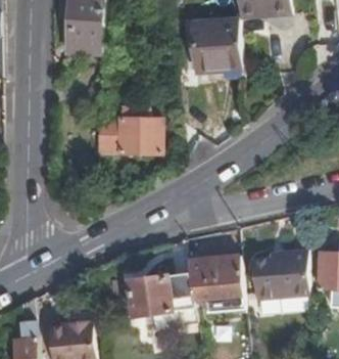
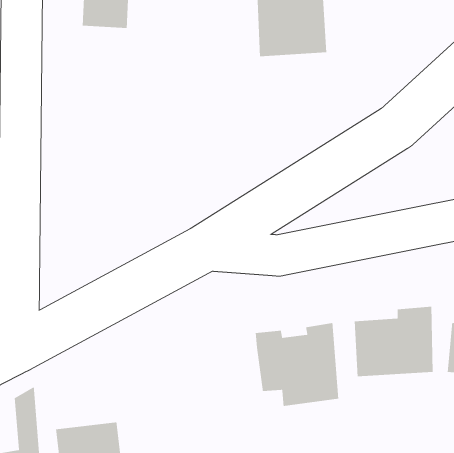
building: [94,106,158,151] -> none
building: [129,271,193,319] -> none

